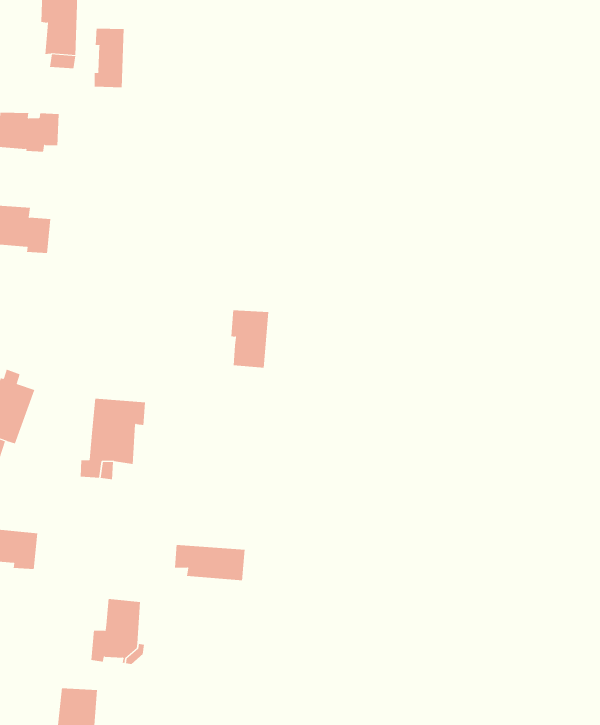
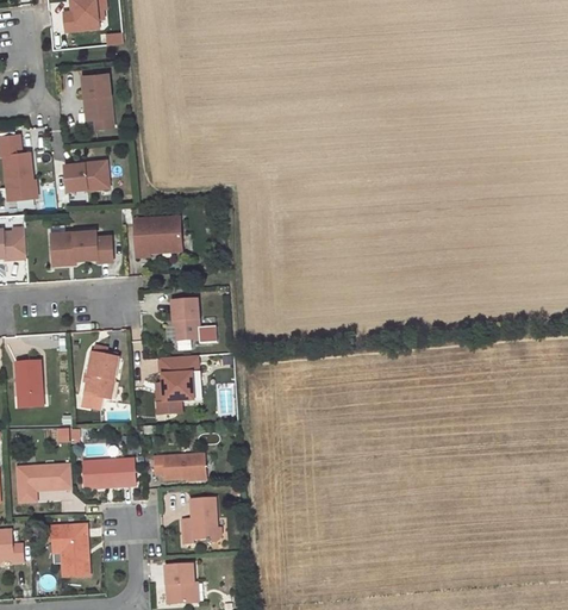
building: [94,28,124,88] -> none
building: none -> [133,216,181,256]
building: [230,310,269,368] -> [170,298,199,340]
building: [174,544,246,581] -> [154,454,205,479]

